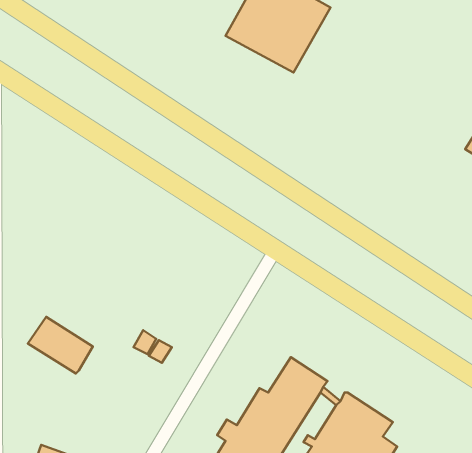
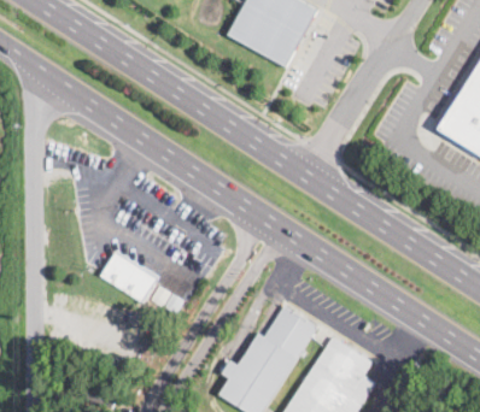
building: [28,317,93,373] -> [100,253,156,301]

